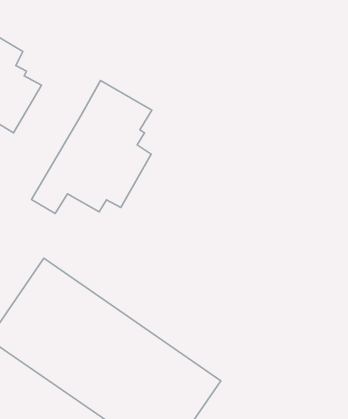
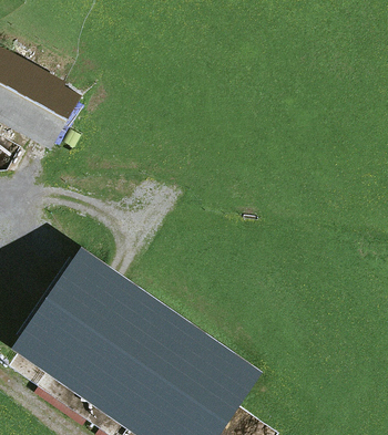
building: [31,81,152,213] -> none

